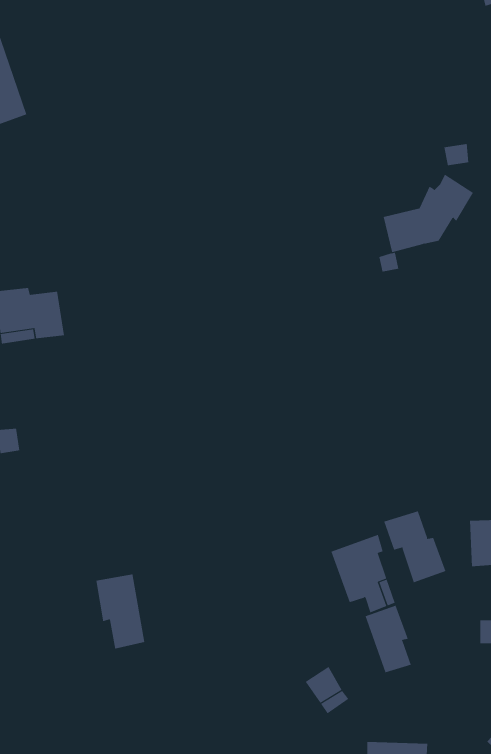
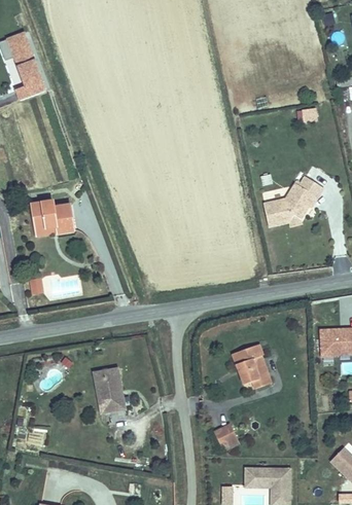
building: [383,174,474,253] -> [266,181,320,228]
building: [383,511,446,583] -> none
building: [365,605,411,673] -> none

